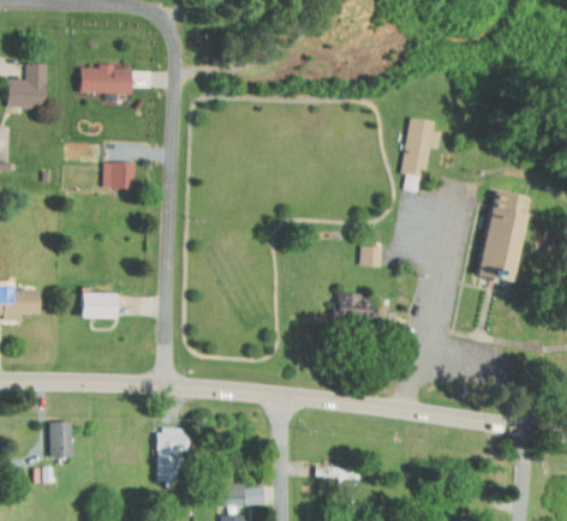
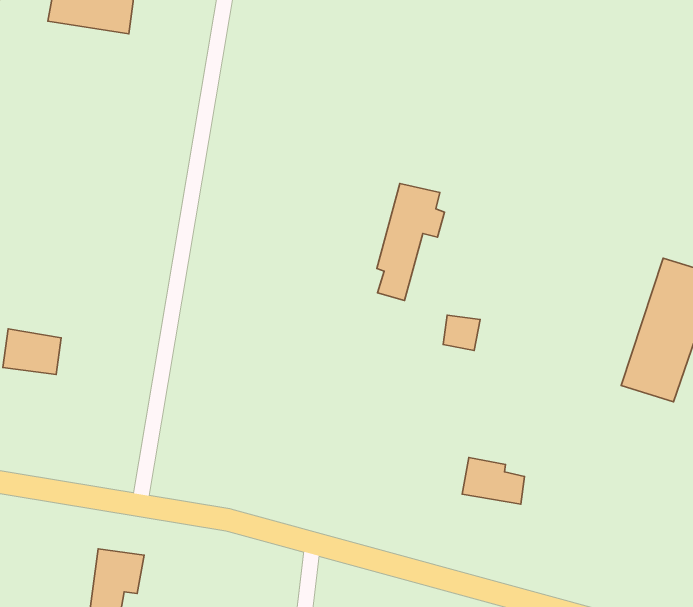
building: [401,118,440,192] -> [377,183,445,300]
building: [103,162,135,188] -> none
building: [338,293,376,318] -> [462,458,525,504]

